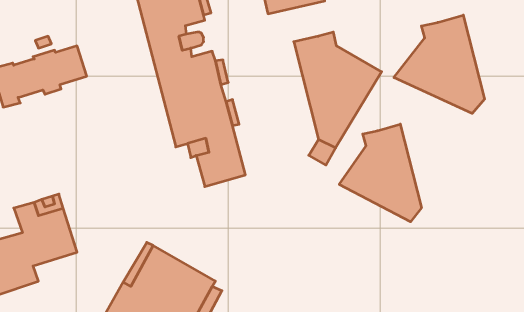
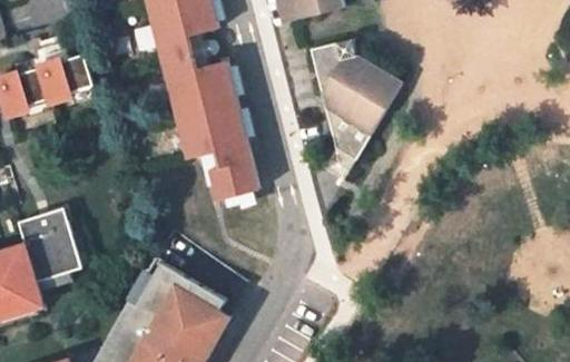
building: [394,15,485,113] -> none
building: [339,124,421,222] -> none

